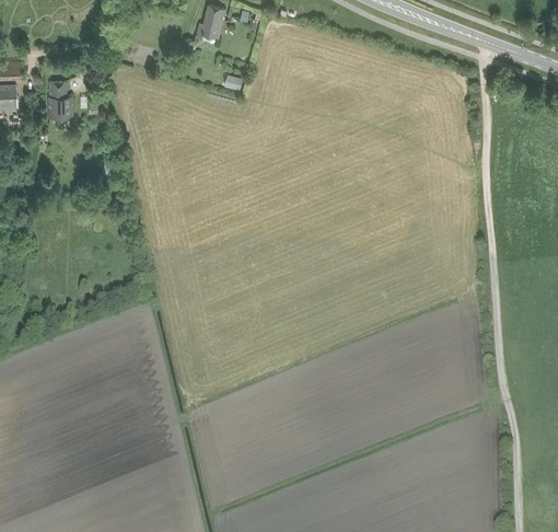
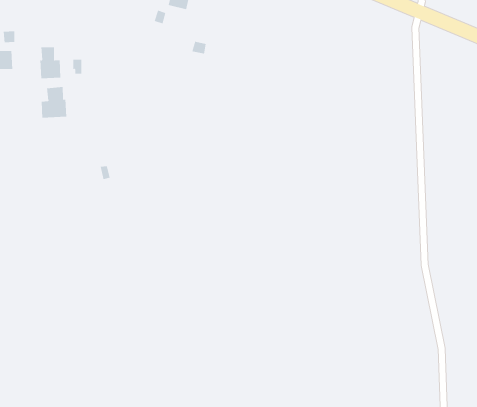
building: none -> [41,86,67,118]

